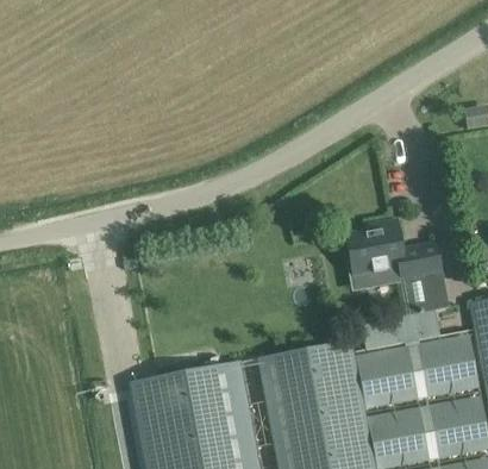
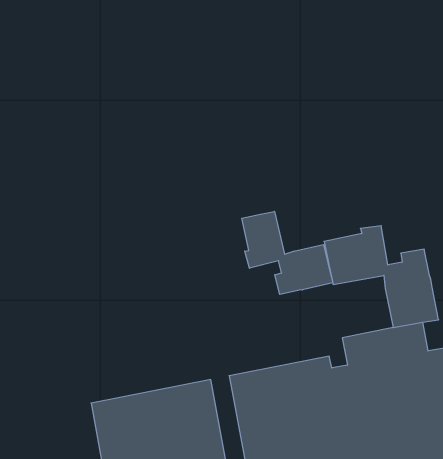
building: none -> [242,211,333,294]

